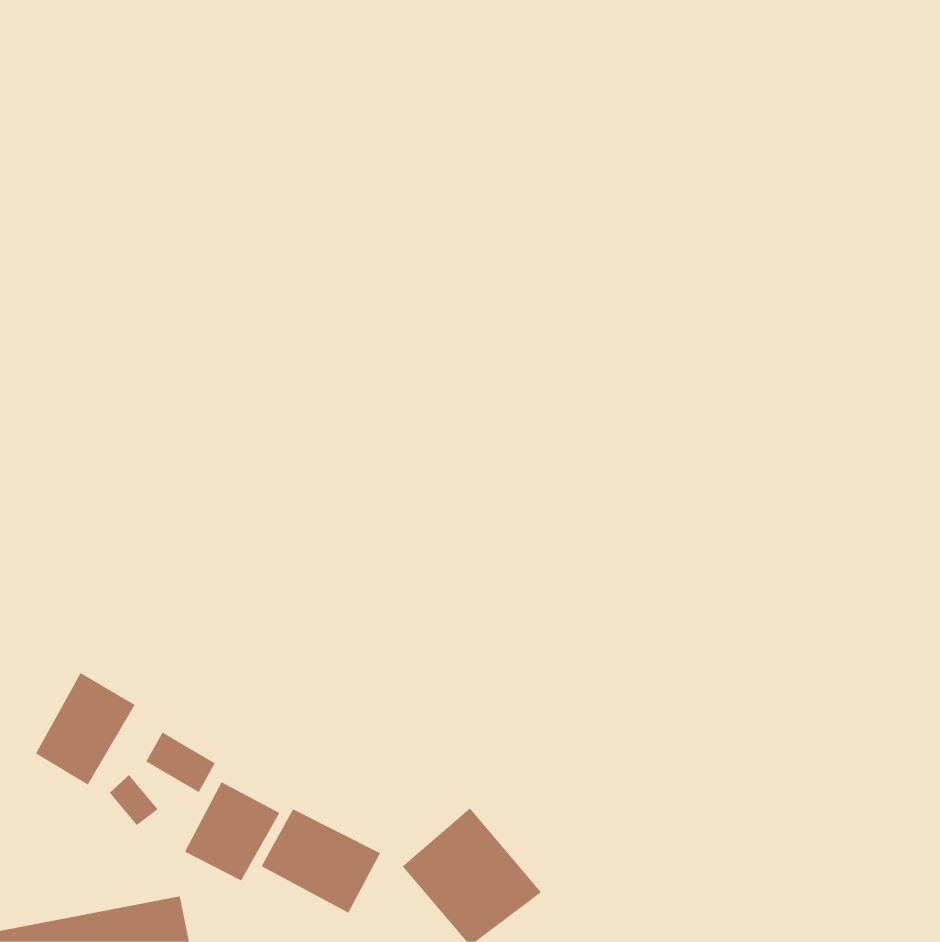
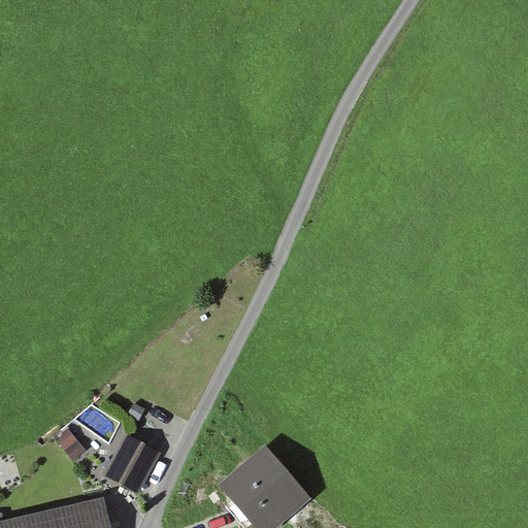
building: [35,672,136,786] -> none
building: [261,809,381,913] -> none

